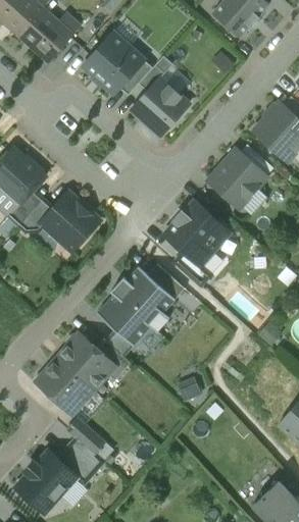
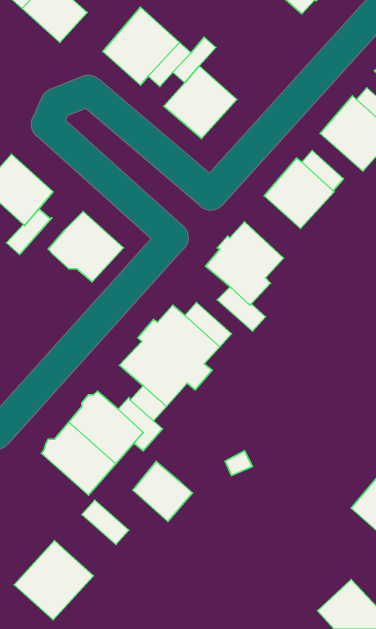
building: [18,198,53,232] -> none
building: [55,437,102,484] -> [133,462,193,521]

